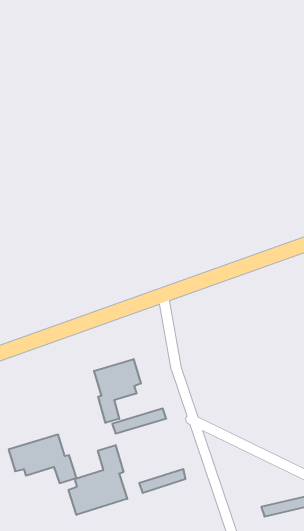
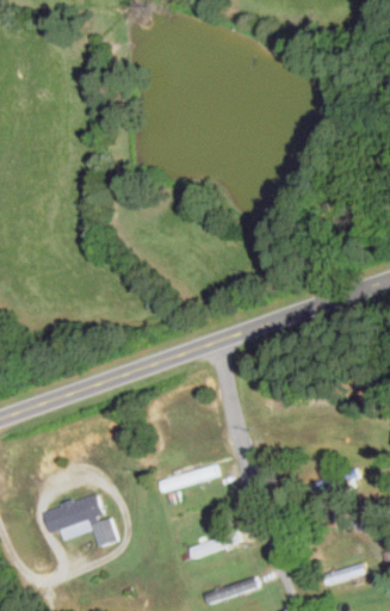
building: [94,359,141,423] -> none
building: [69,445,127,515] -> none

